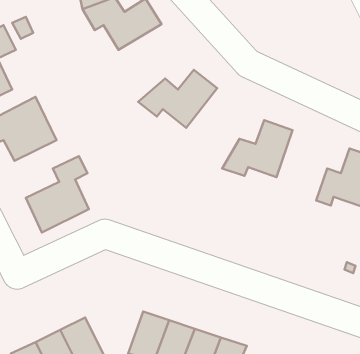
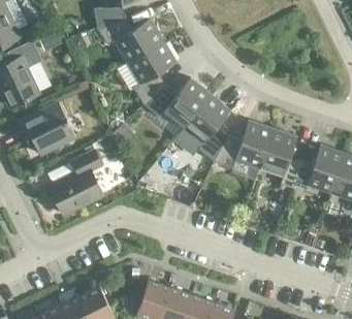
building: none -> [127,40,177,105]
building: none -> [184,94,230,161]
building: none -> [259,129,301,188]

